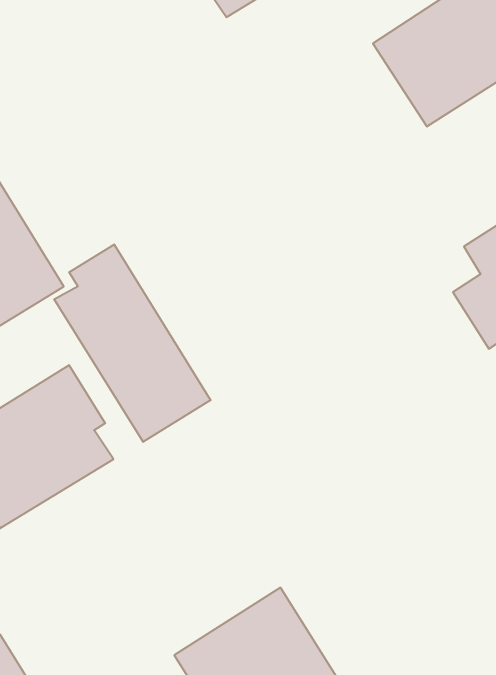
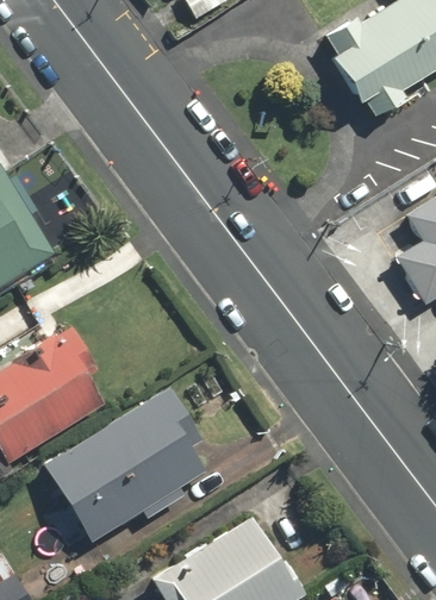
building: [54,244,211,442] -> none
building: none -> [37,382,206,545]

